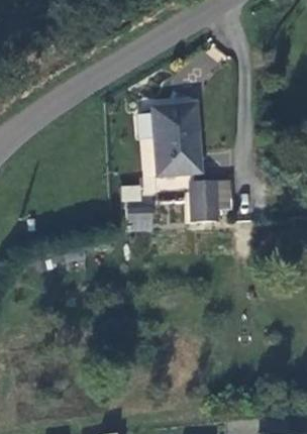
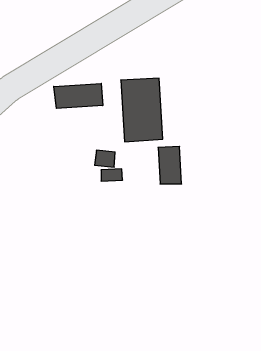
building: none -> [54,83,103,108]

